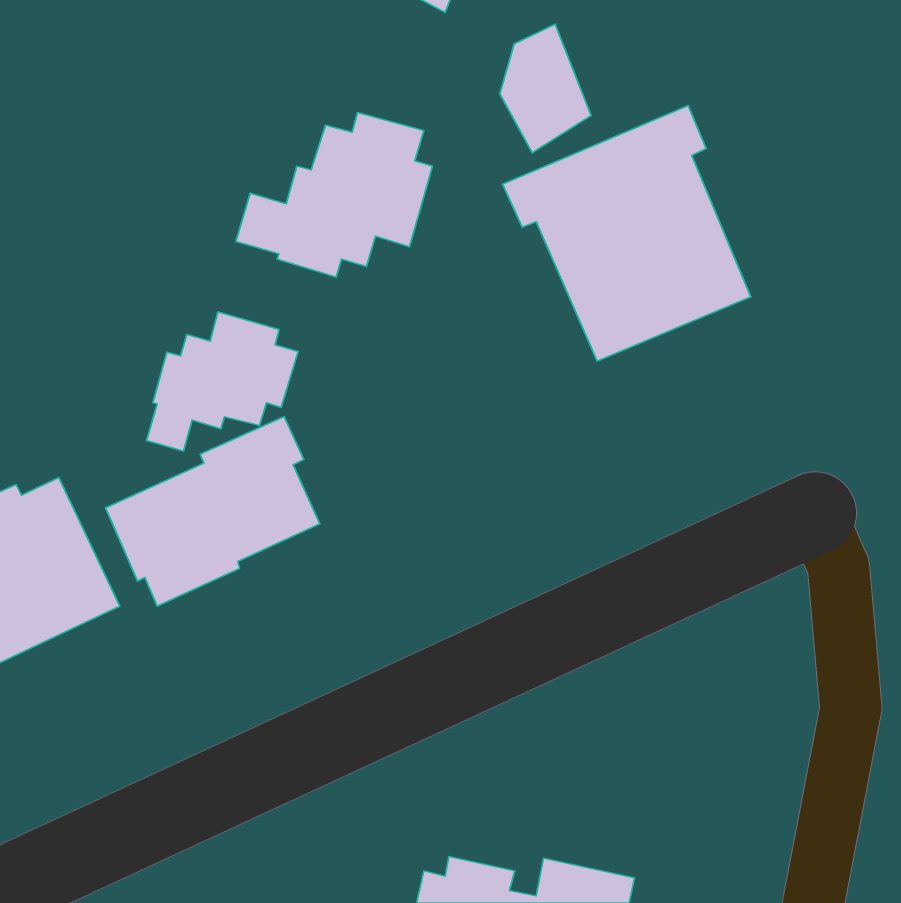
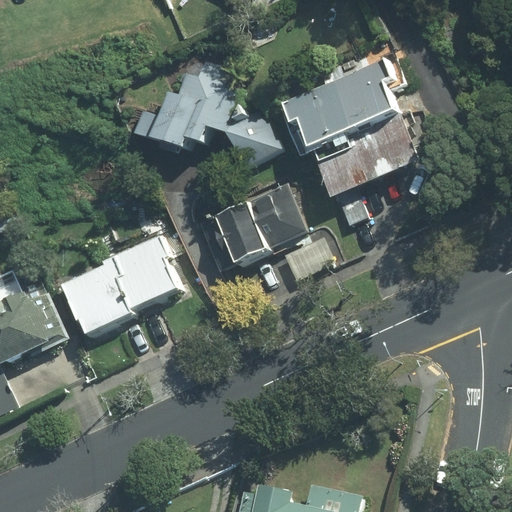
building: [500,24,591,153] -> [229,99,280,171]
building: [147,312,298,451] -> none
building: none -> [197,183,309,276]

